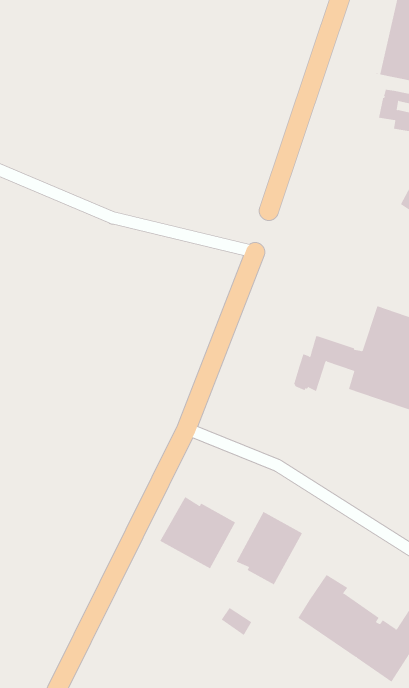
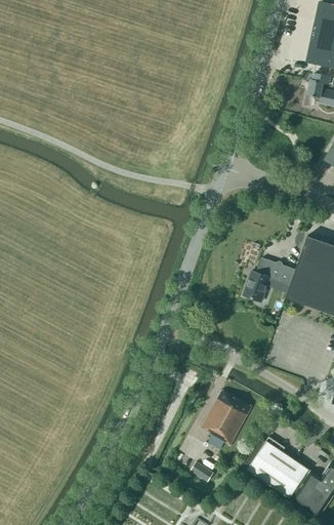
building: [160,496,236,569] -> none

